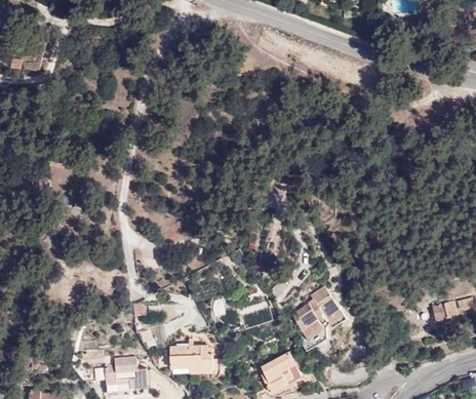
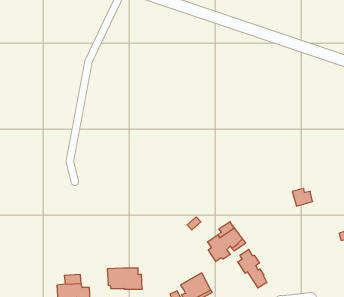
building: [431,298,457,321] -> [292,188,313,206]
building: none -> [238,249,267,288]

